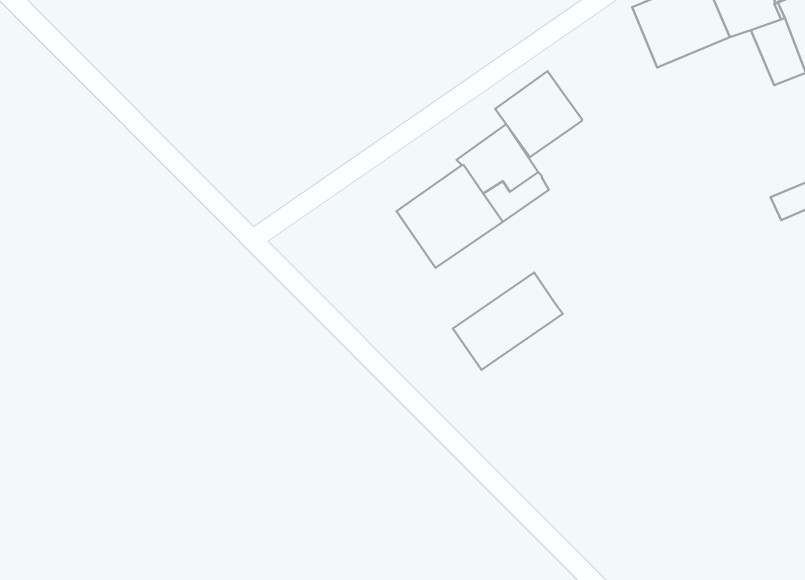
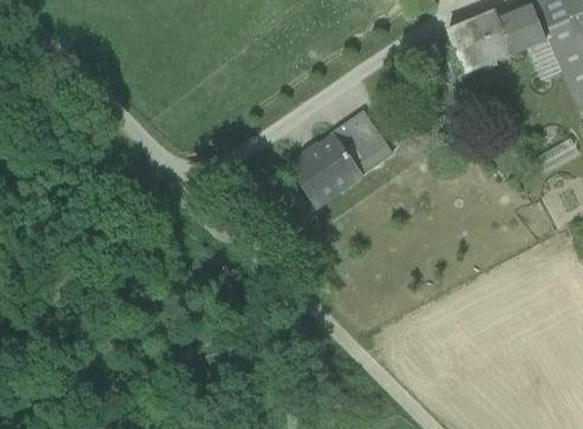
building: [495,71,582,157] -> none
building: [453,273,563,370] -> none

